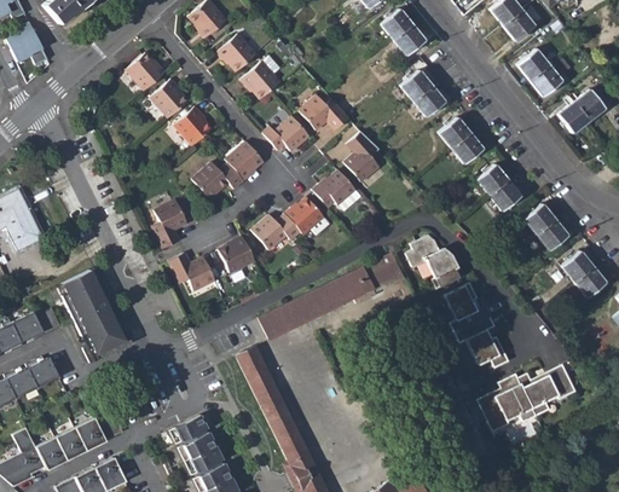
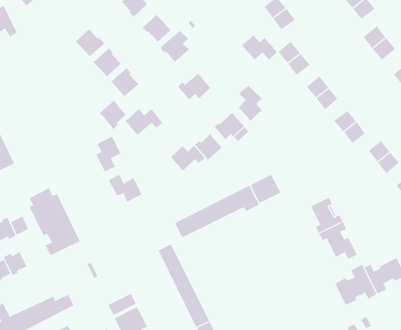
building: [299,93,348,128] -> [241,35,278,60]
building: [225,140,262,181] -> [99,100,127,130]
building: [220,233,256,271] -> none
building: [407,236,461,288] -> none

